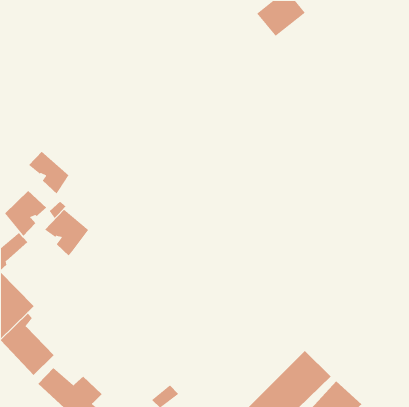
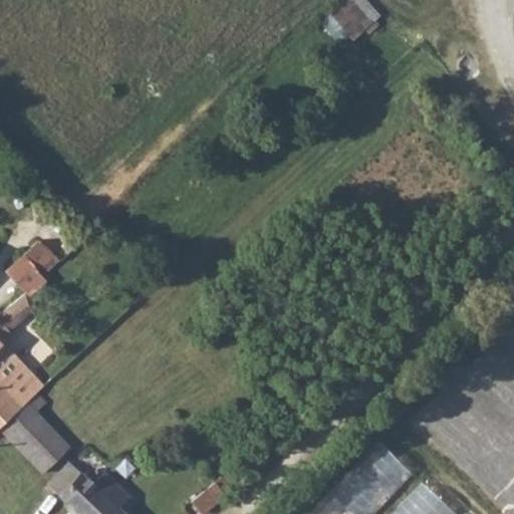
building: [28,151,70,195] -> none
building: [44,209,89,257] -> none

